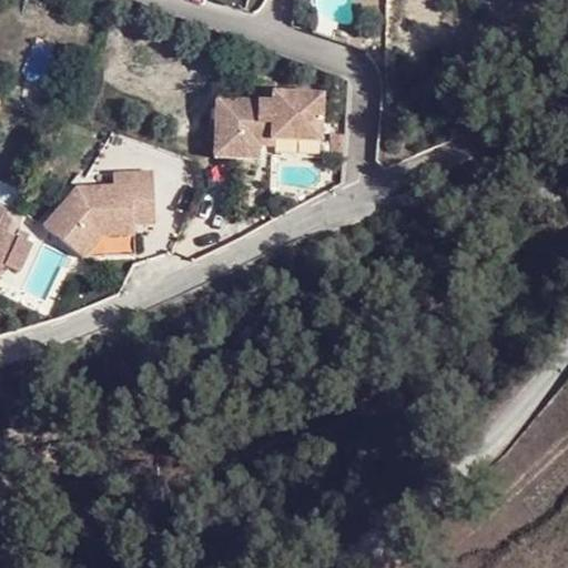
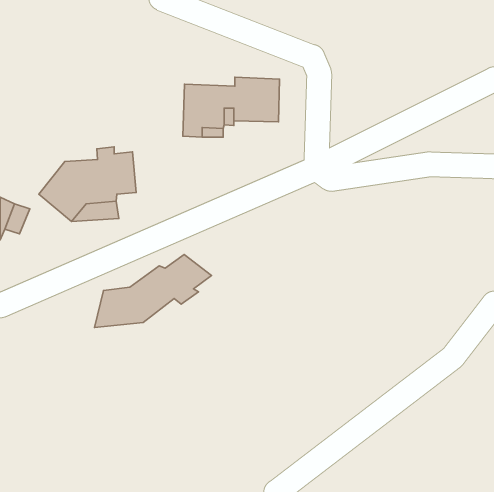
building: none -> [95,254,211,328]

